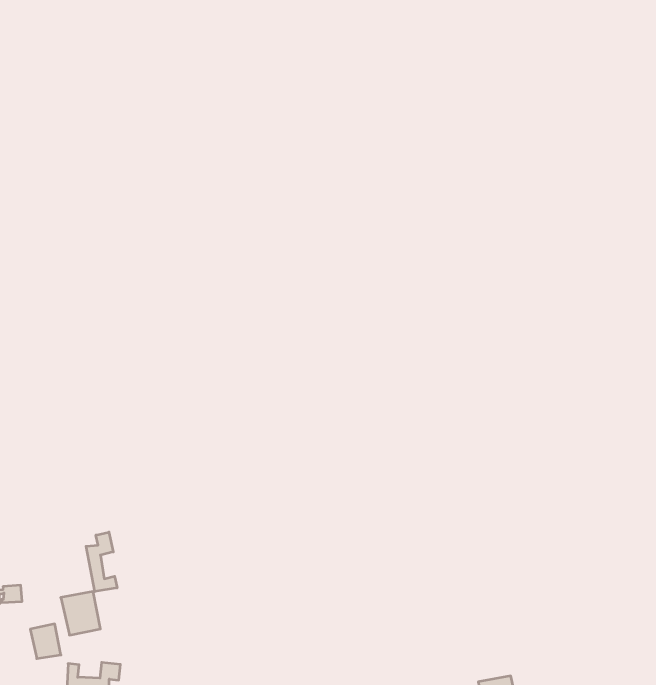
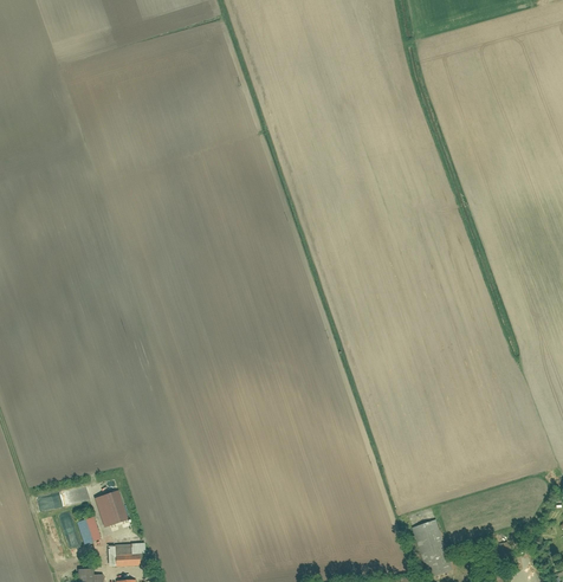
building: [86,532,117,592] -> none

